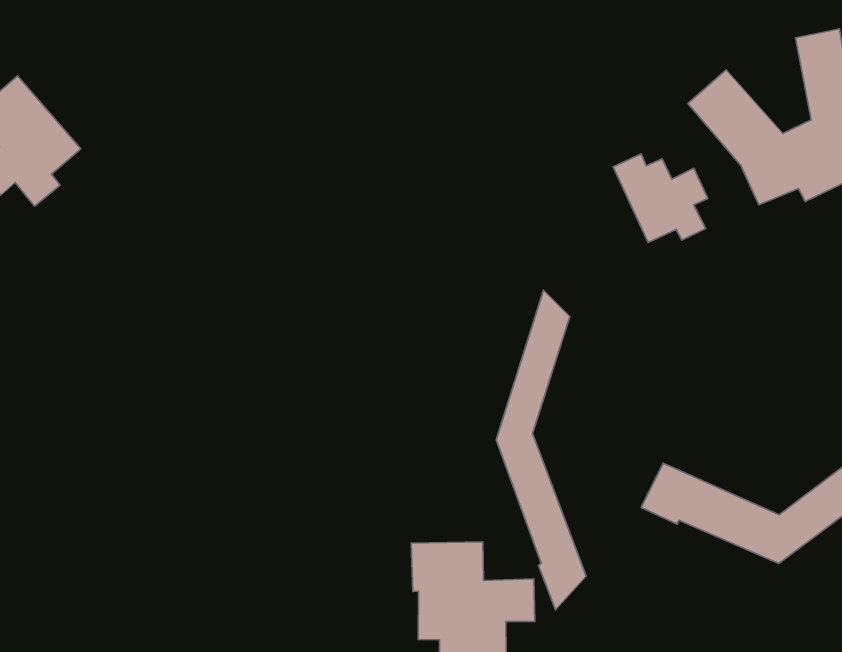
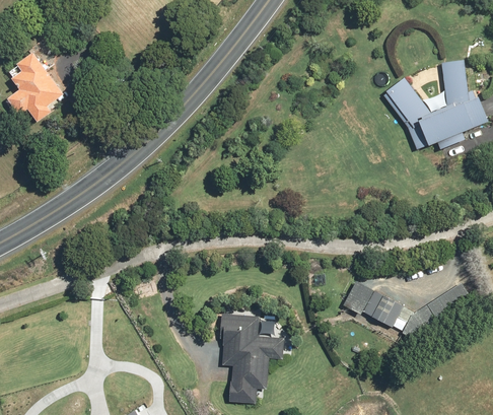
building: [613,154,708,242] -> none
building: [496,290,586,610] -> none

